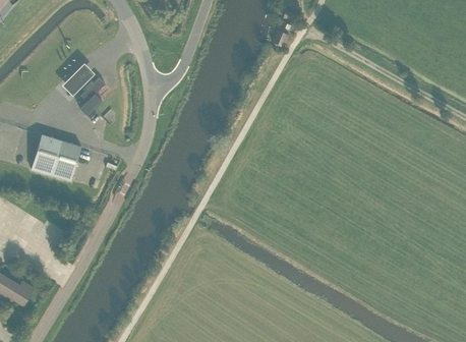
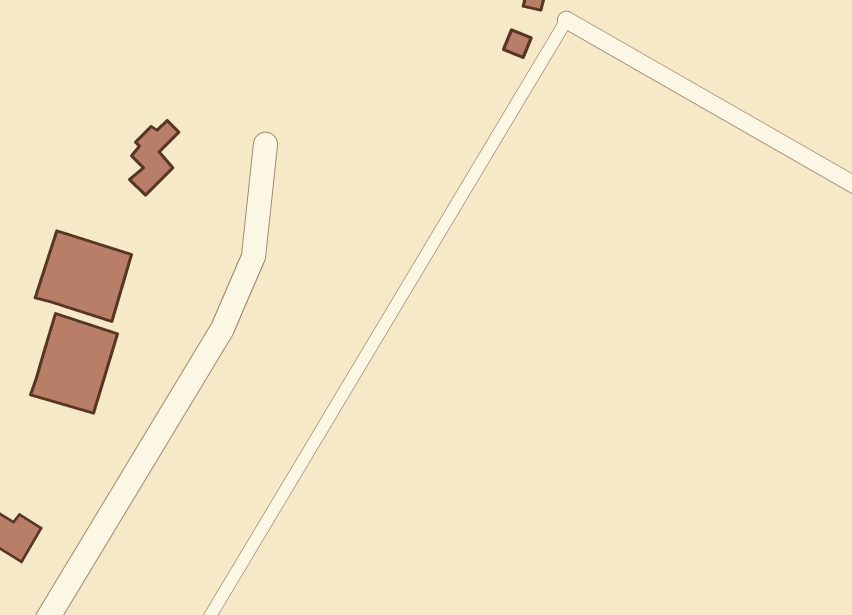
building: [61,61,95,95] -> none
building: none -> [30,314,117,413]

